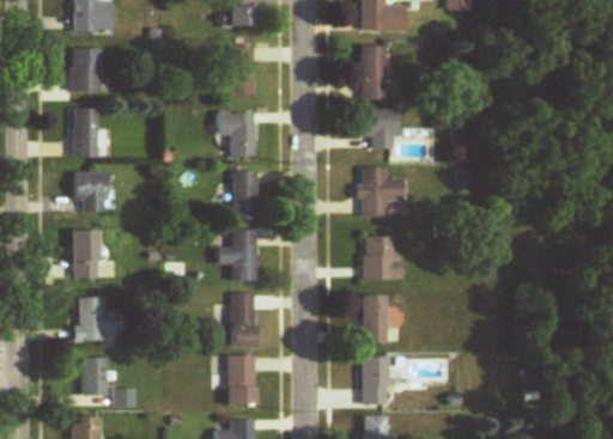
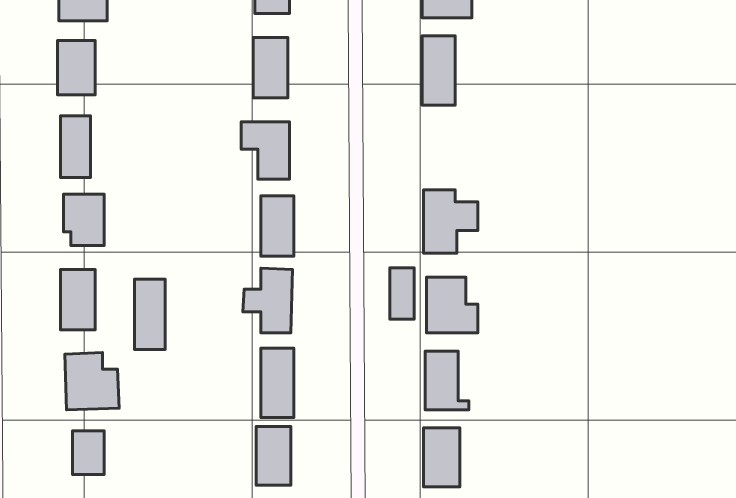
building: [363,109,395,148] -> none
building: none -> [390,268,414,319]
building: none -> [134,279,165,349]

